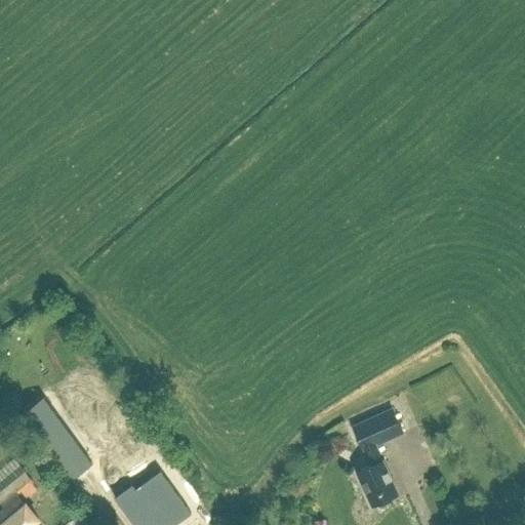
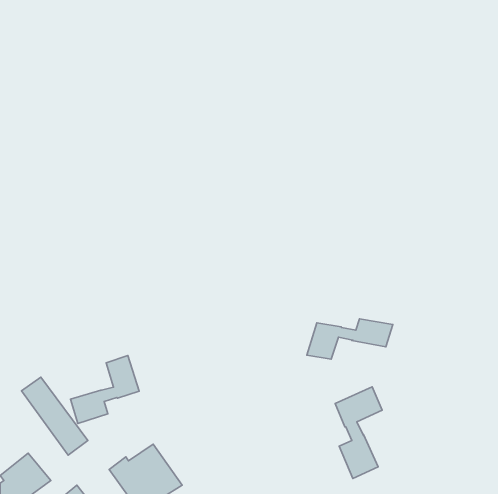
building: none -> [307,319,393,359]
building: none -> [70,356,139,423]

